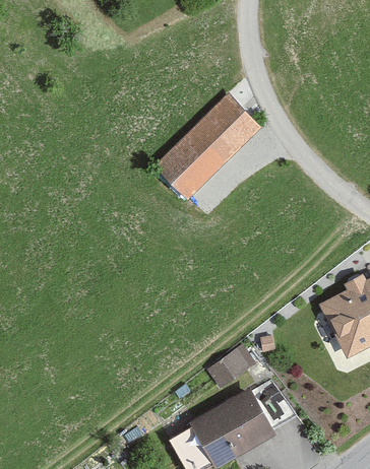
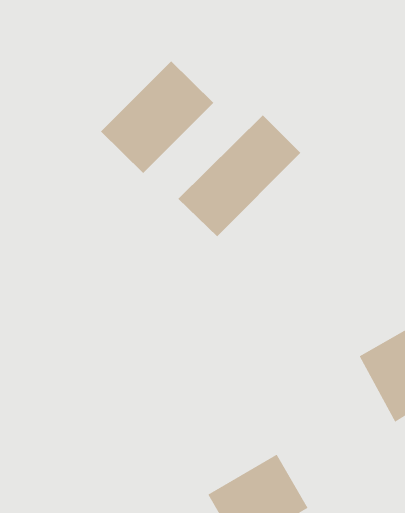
building: none -> [100,60,214,174]
building: [204,344,253,389] -> none

